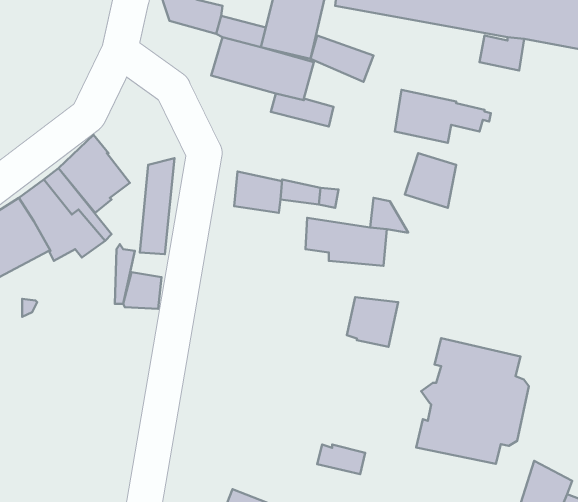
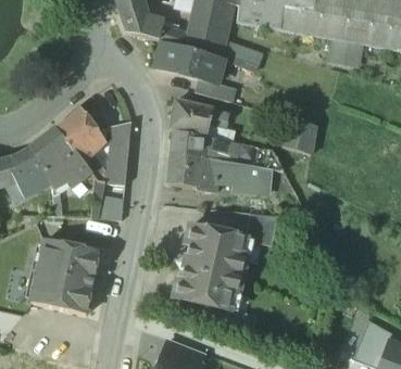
building: [395,90,491,143] -> [171,99,234,133]
building: none -> [167,152,218,191]
building: none -> [32,238,100,313]
building: [416,338,529,464] -> [173,225,247,307]

